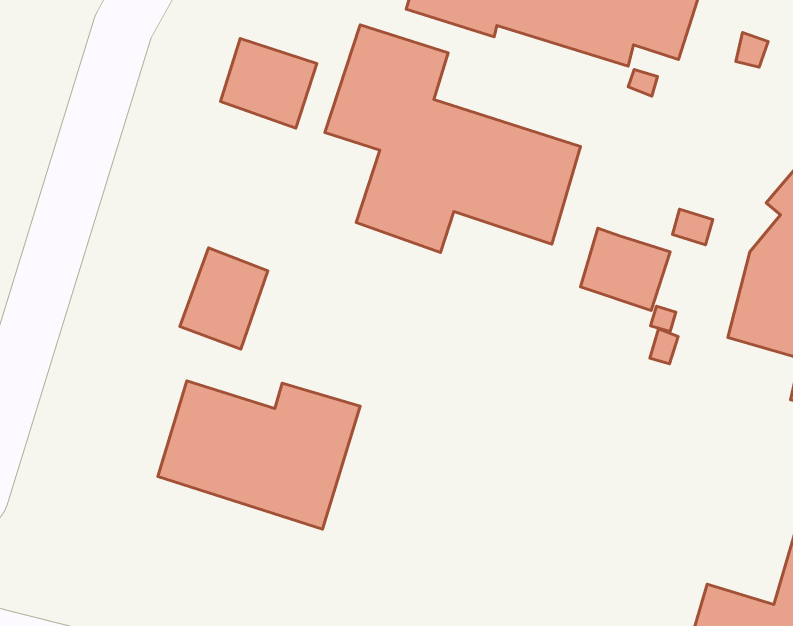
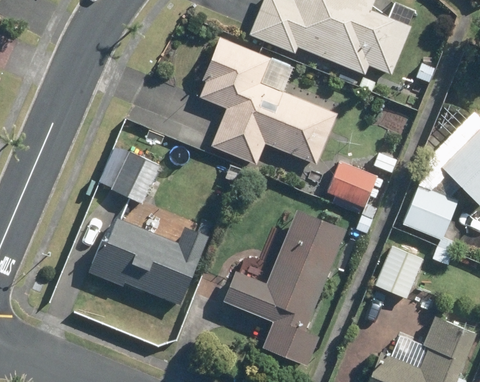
building: [221,38,317,128] -> none
building: none -> [223,208,345,363]
building: none -> [379,246,427,297]

